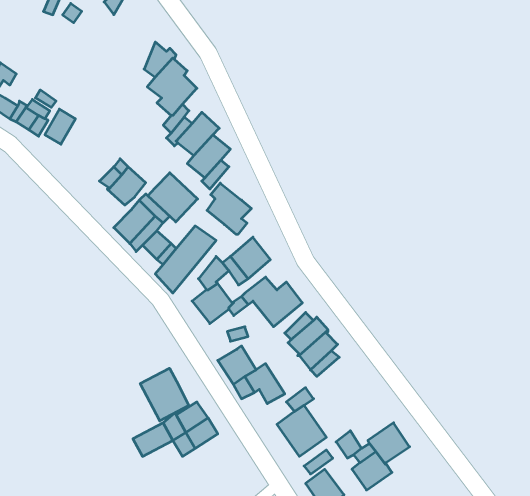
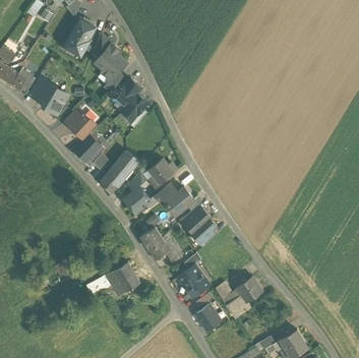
building: none -> [63,18,95,57]
building: none -> [40,82,66,114]
building: [148,173,198,222] -> none
building: [207,183,251,234] -> none
building: [140,368,189,421] -> none

